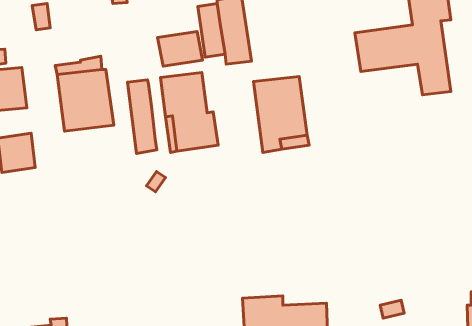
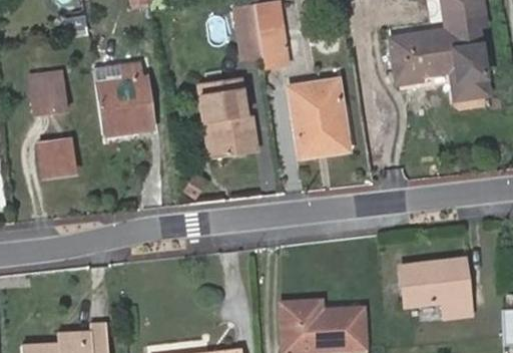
building: [158,31,203,66] -> none
building: [128,80,157,153] -> none
building: none -> [400,257,471,315]

